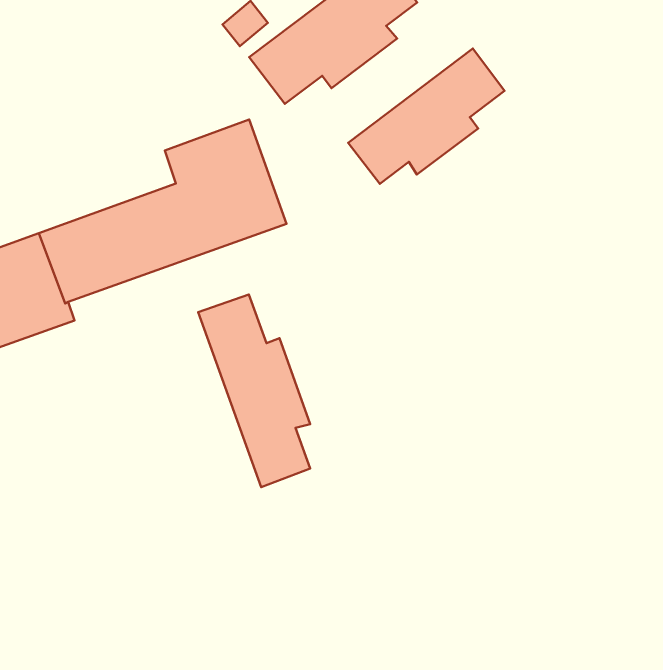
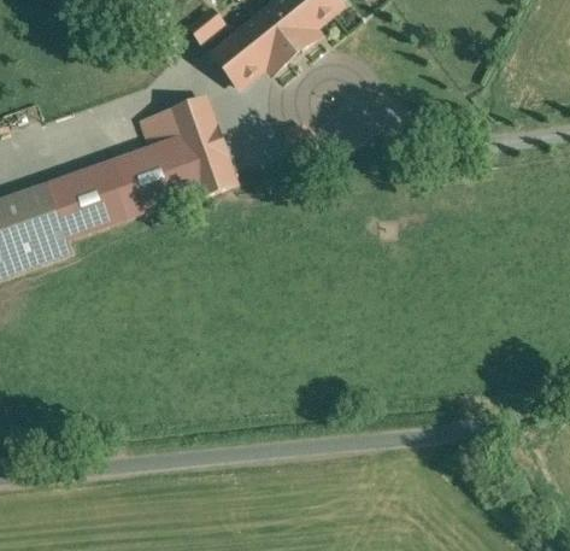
building: [348,49,504,184] -> none
building: [198,295,310,487] -> none

